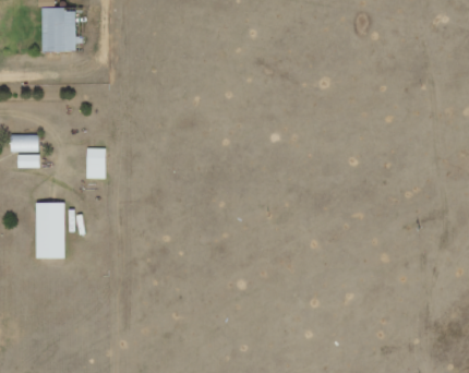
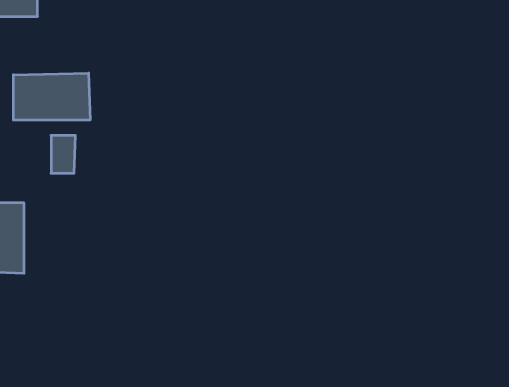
building: none -> [13,73,90,120]

